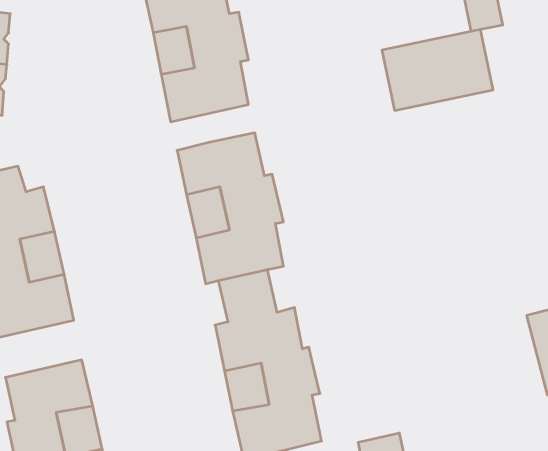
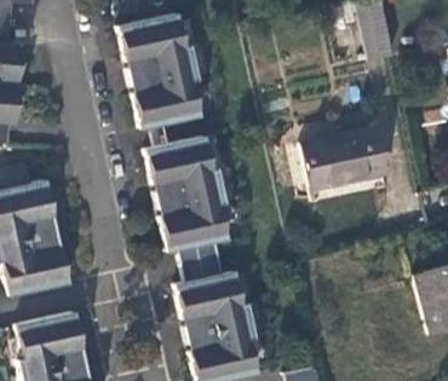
building: [382,29,493,110] -> [304,128,389,190]

